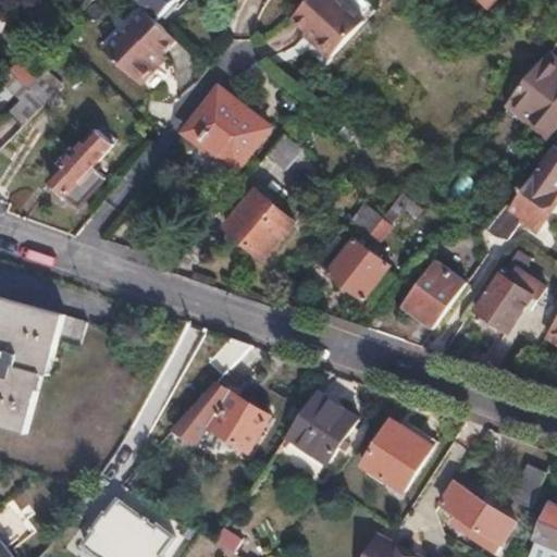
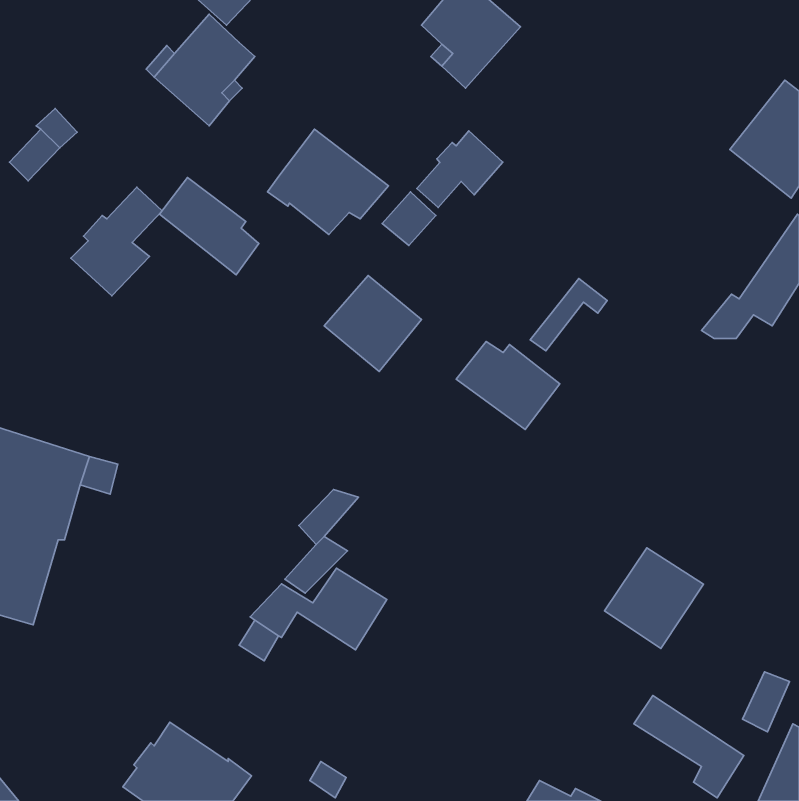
building: none -> [417,131,503,208]
building: none -> [159,178,259,275]
building: [478,251,544,332] -> none
building: [403,262,466,326] -> none
building: [287,389,359,463] -> none
building: [363,421,432,491] -> [604,548,703,649]

